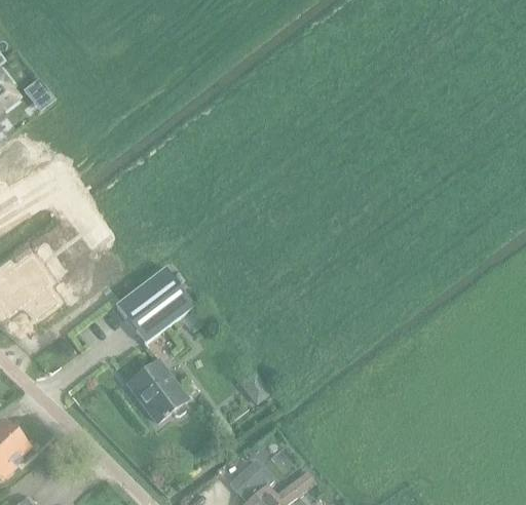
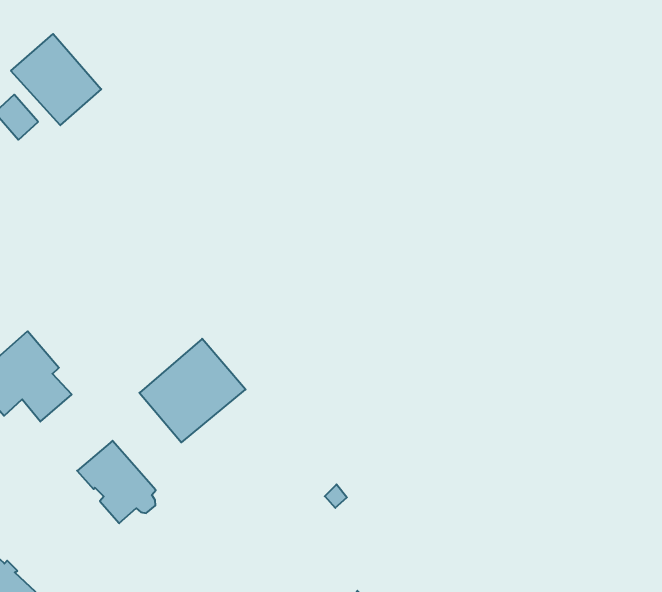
building: none -> [11,34,101,125]
building: [128,359,186,421] -> [77,441,156,523]

